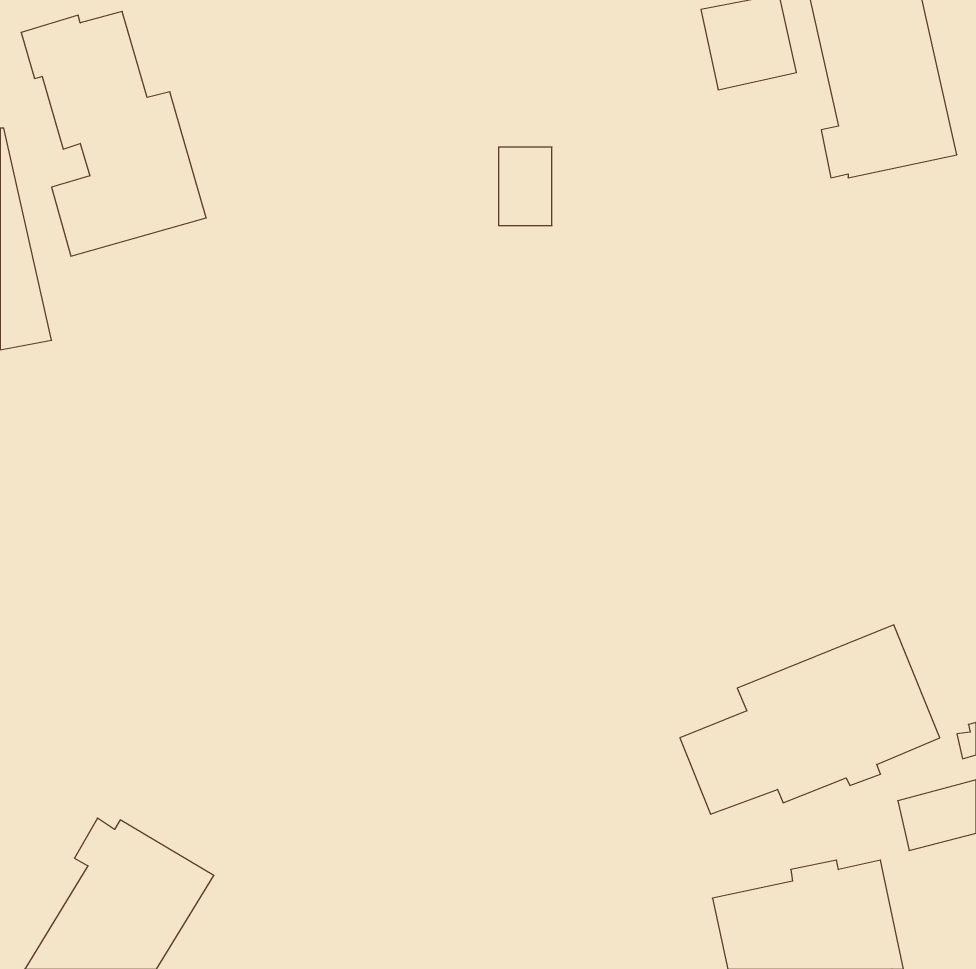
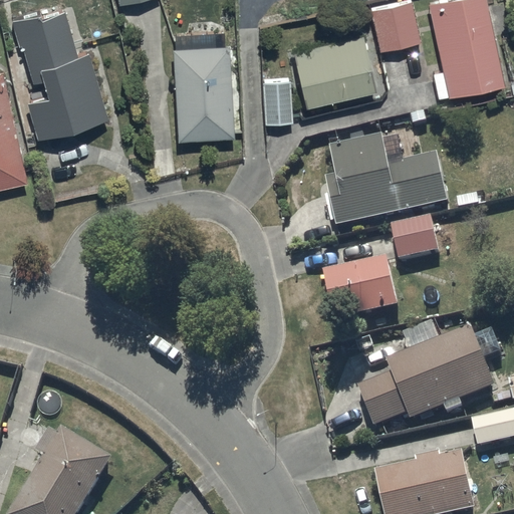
building: none -> [291,31,372,102]
building: none -> [171,41,231,136]
building: none -> [327,136,447,227]
building: none -> [392,218,439,260]
building: none -> [324,259,398,321]

